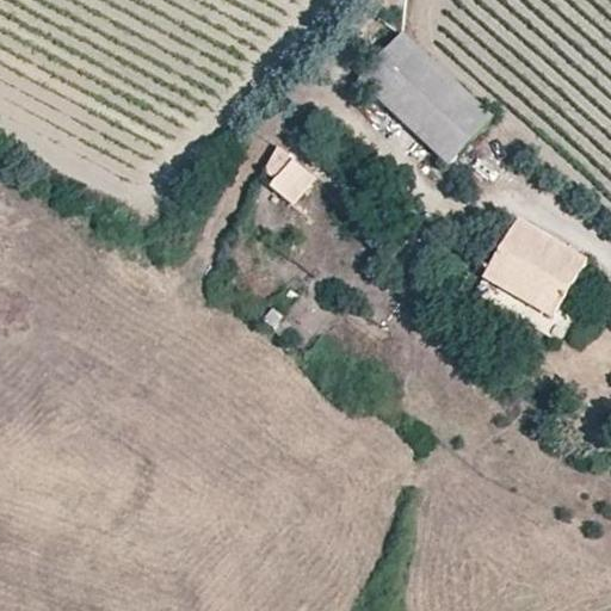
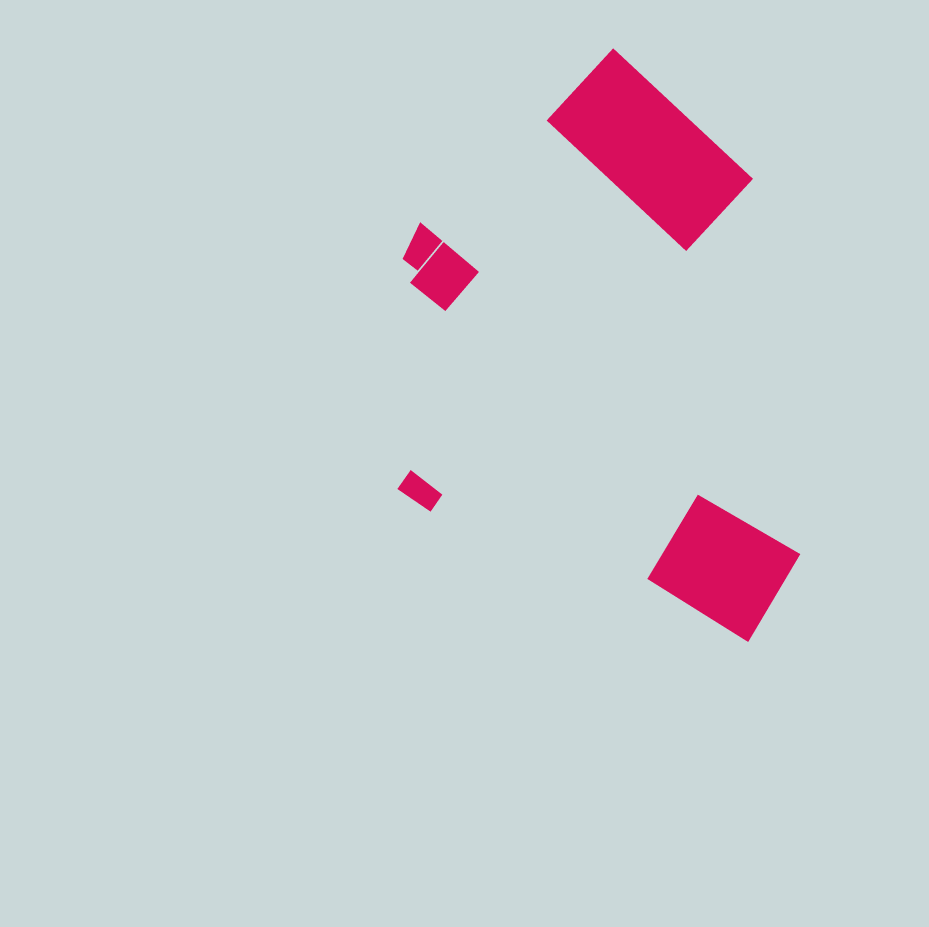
building: [483,220,585,317] -> [646,493,801,643]

